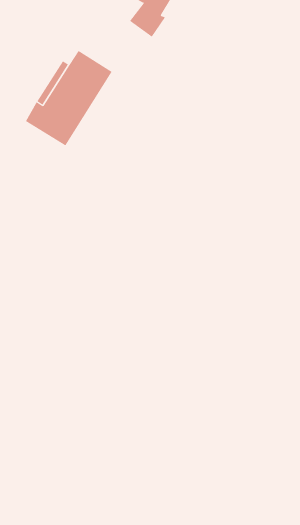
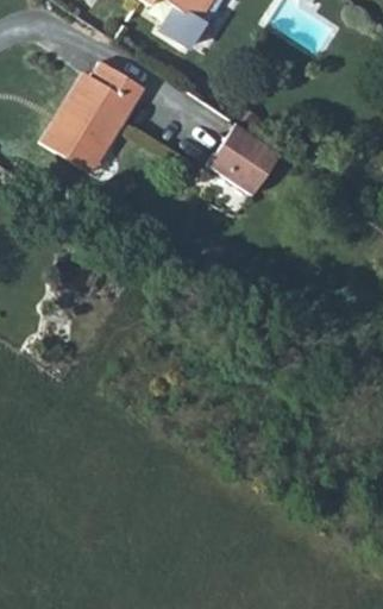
building: none -> [205,125,280,197]

